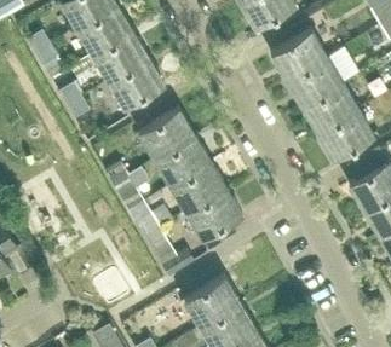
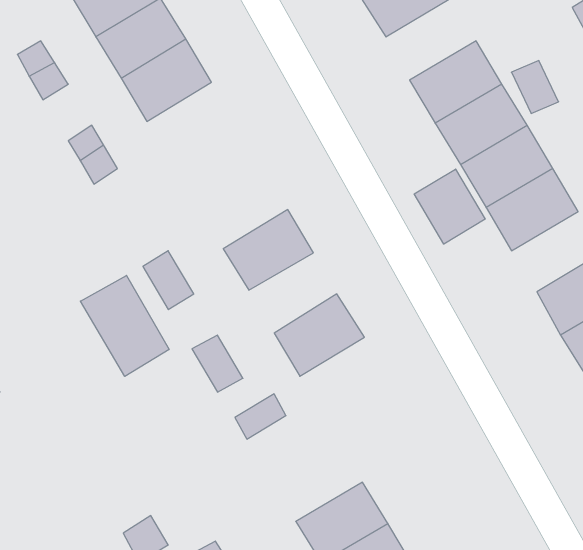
building: [108,56,163,106] -> none
building: [139,108,195,158] -> none
building: none -> [414,169,485,244]
building: [171,161,225,210] -> none
building: none -> [80,275,169,376]
building: [184,274,241,326] -> none

